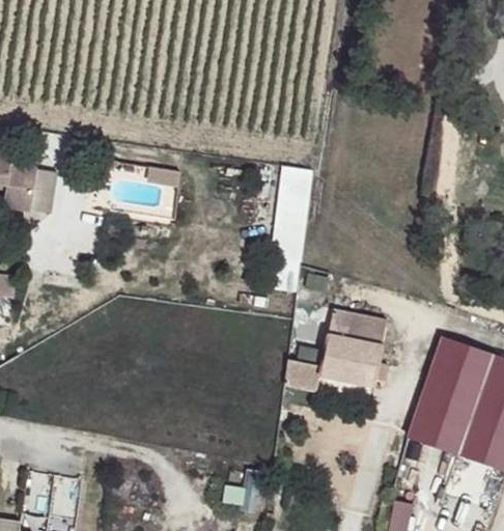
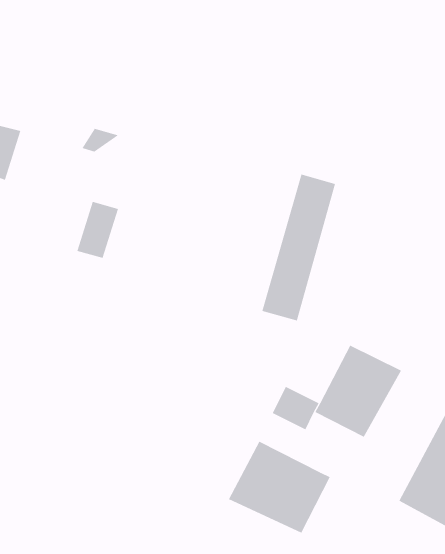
building: [29,165,60,213] -> [76,201,119,259]
building: none -> [228,441,330,534]

